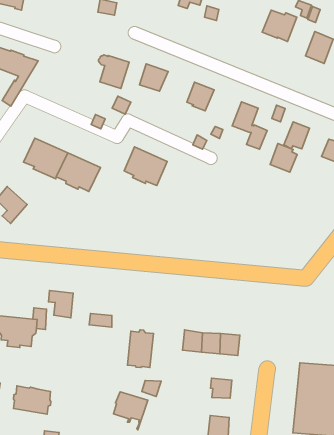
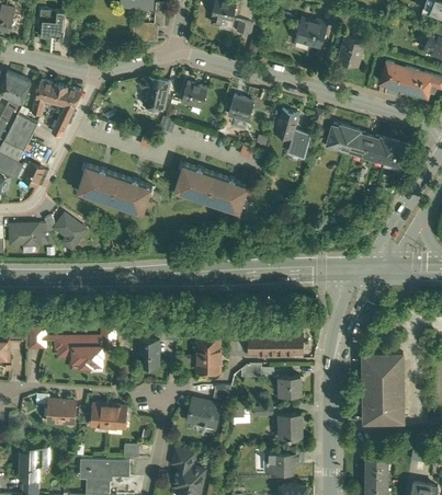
building: [270,144,297,172] -> [344,129,370,156]
building: none -> [208,175,249,210]
building: [48,291,73,318] -> [135,342,158,366]

